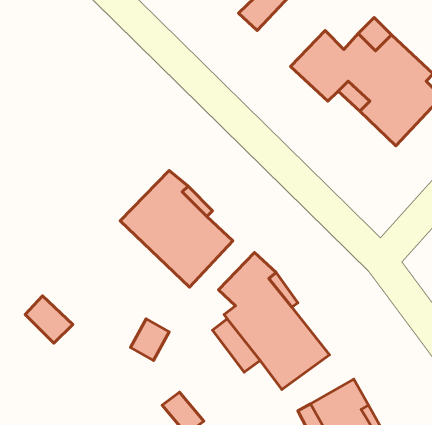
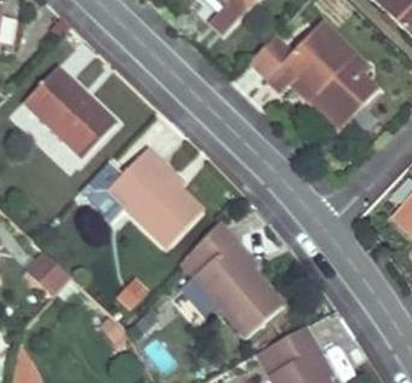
building: none -> [24,67,115,159]

